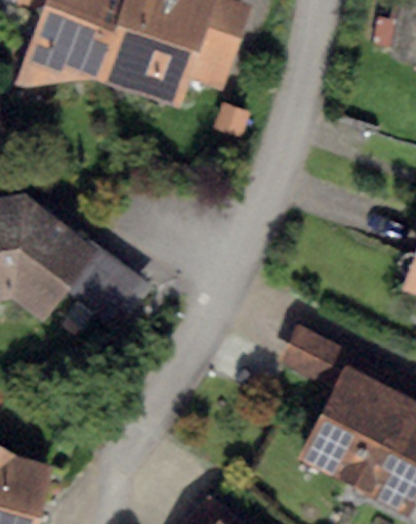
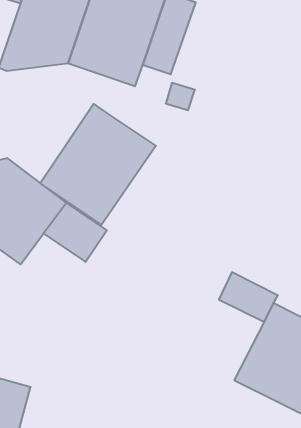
building: none -> [40,104,156,225]

